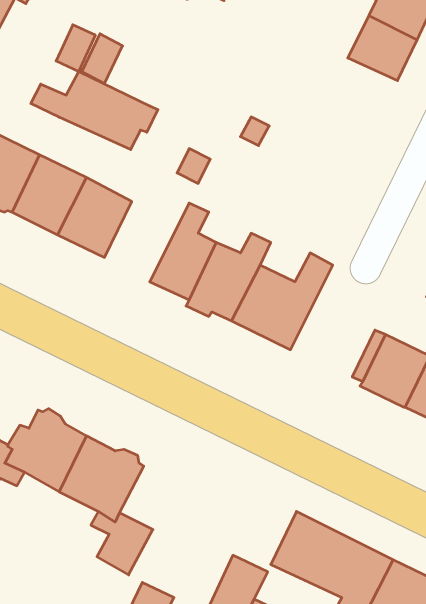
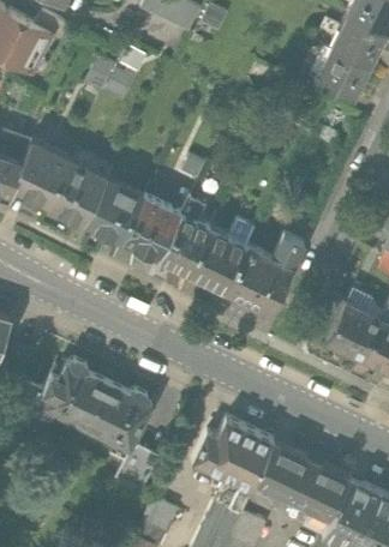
building: [31,72,158,150] -> none
building: none -> [122,197,181,260]
building: none -> [193,420,275,491]

